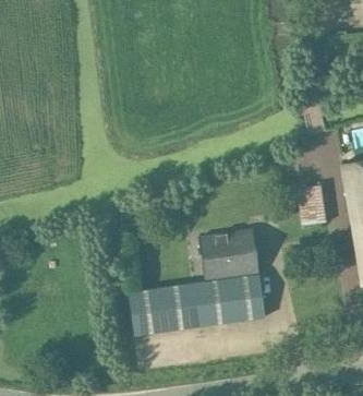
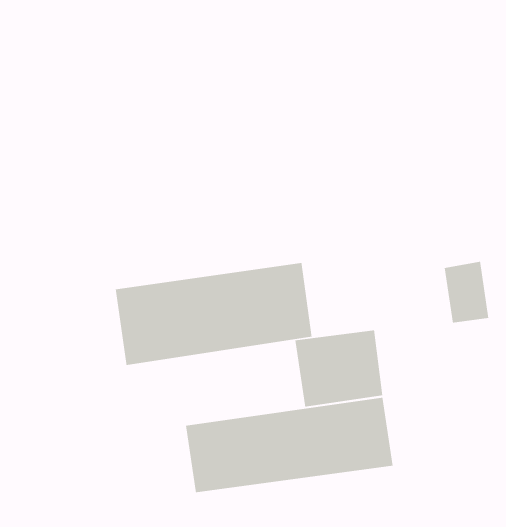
building: none -> [115,262,312,366]

